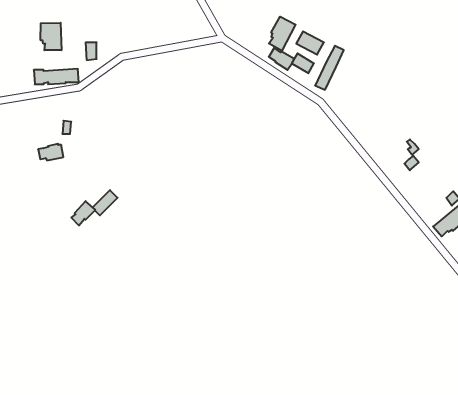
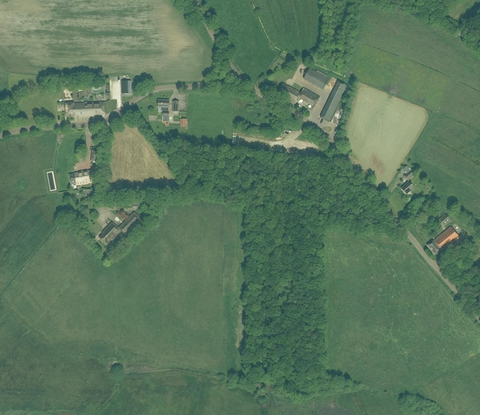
building: [269,17,296,51] -> none
building: [41,23,61,50] -> none

